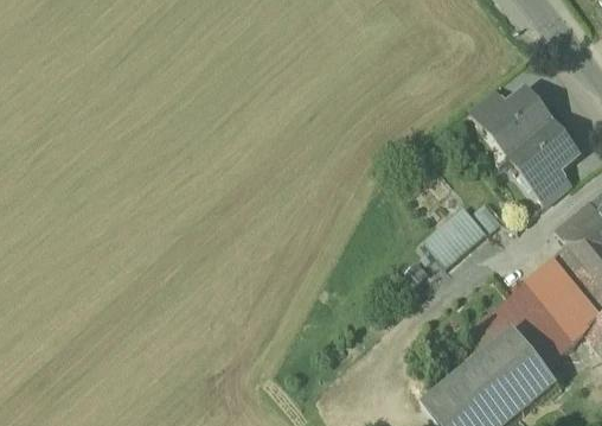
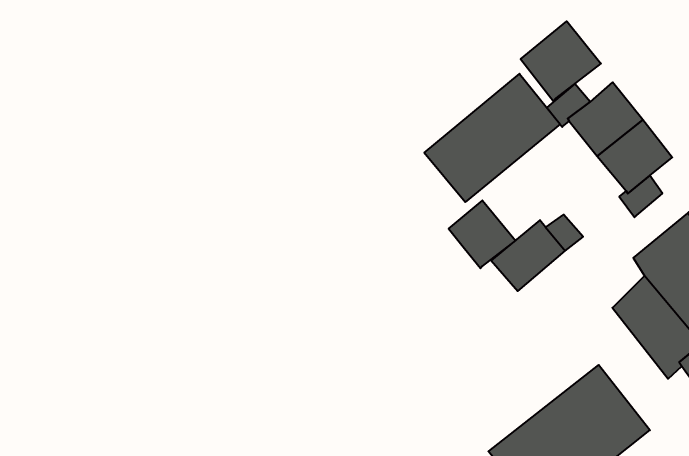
building: none -> [521,21,601,101]
building: none -> [424,74,560,202]
building: none -> [449,200,516,268]
building: [467,280,574,364] -> none

